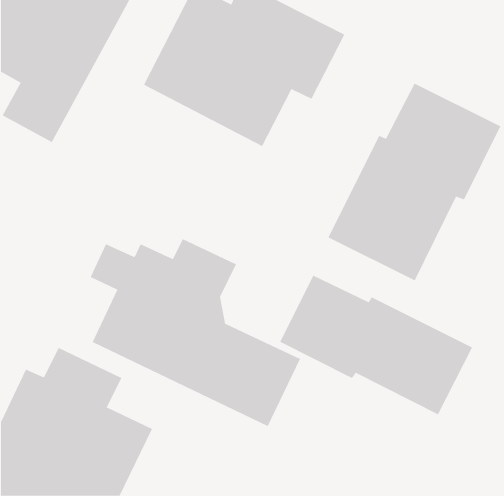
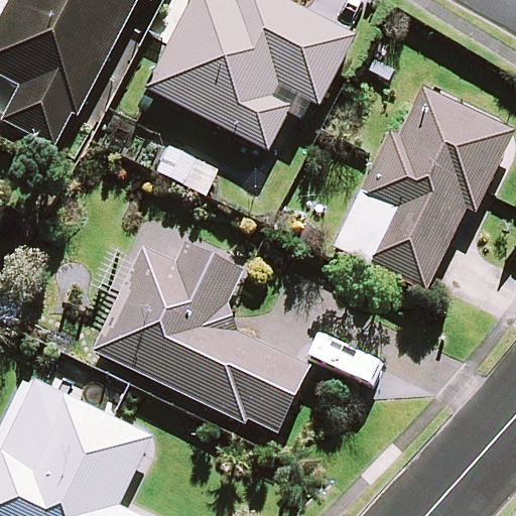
building: [279,275,473,415] -> none

